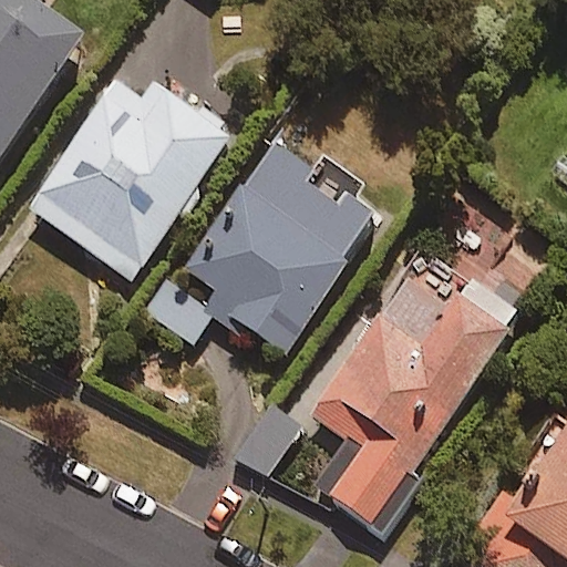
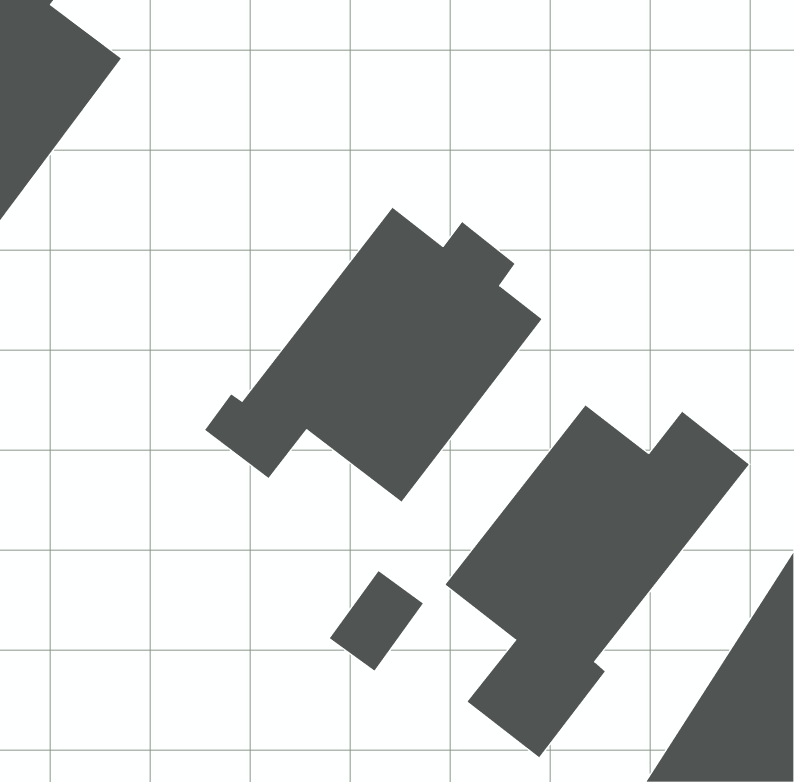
building: [25,83,231,277] -> none

